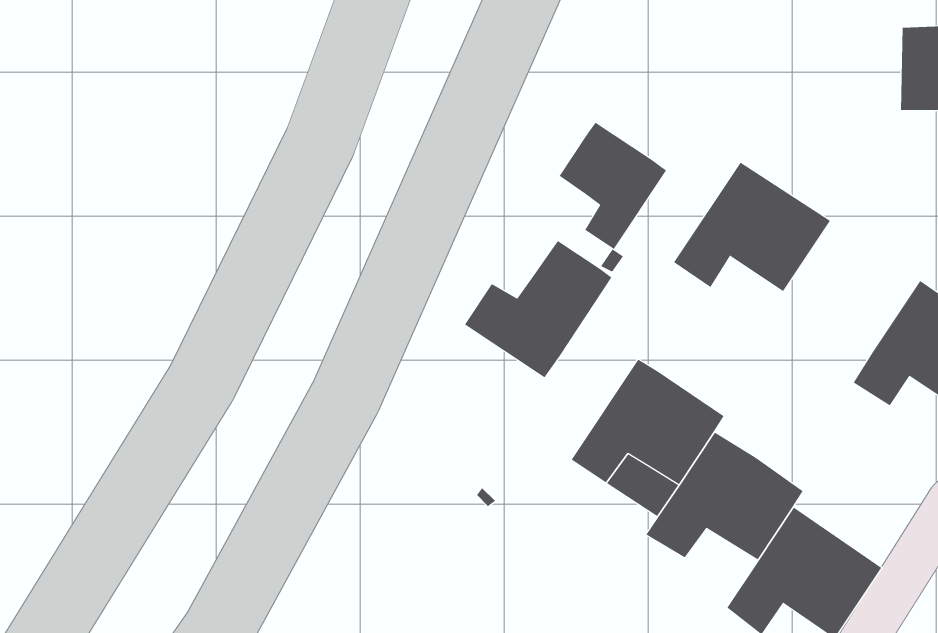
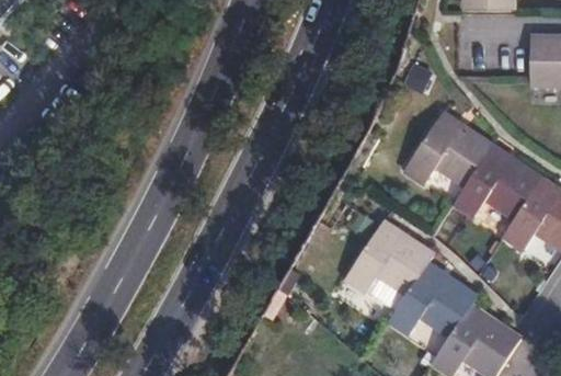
building: [559,122,667,250] -> none
building: none -> [451,146,539,218]
building: [464,240,612,378] -> none

